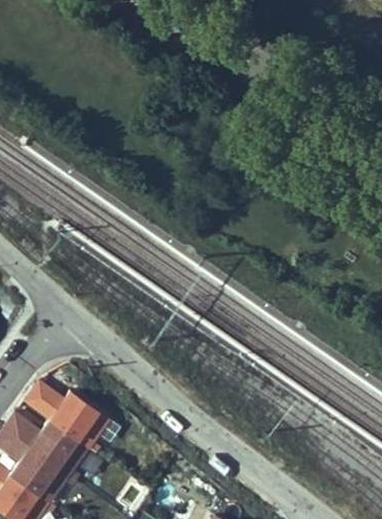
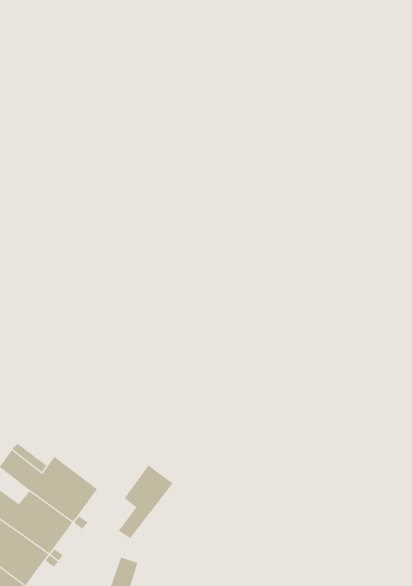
building: none -> [118,464,173,539]

